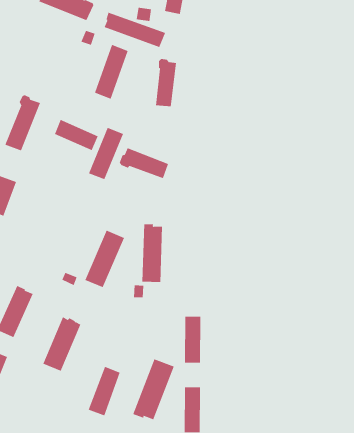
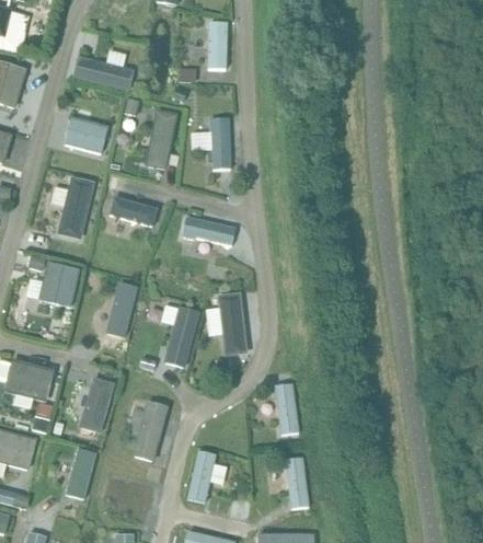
building: [104,12,166,48] -> none
building: none -> [65,116,108,152]
building: [88,127,124,180] -> [106,281,138,337]
building: [133,358,174,420] -> none

